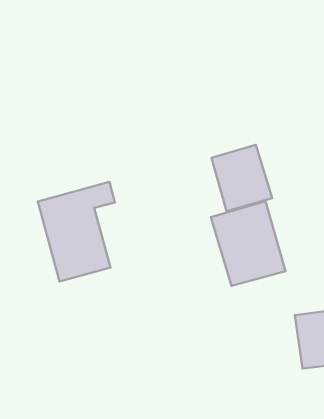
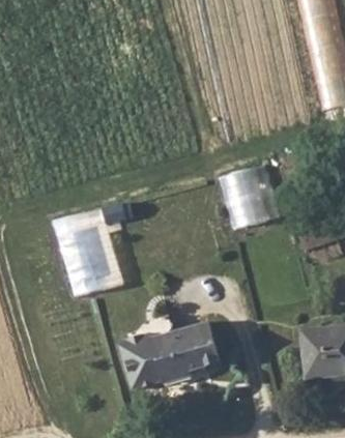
building: [211,201,285,286] -> none
building: none -> [119,320,221,391]

